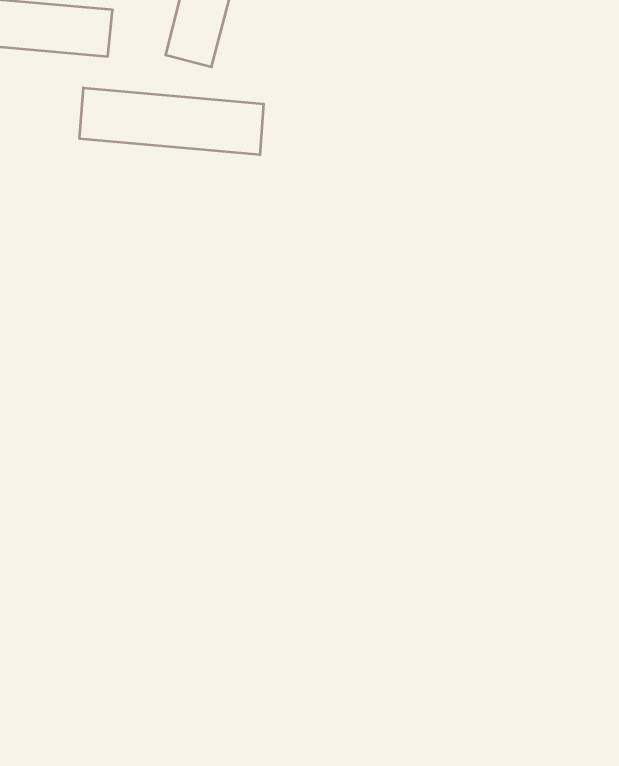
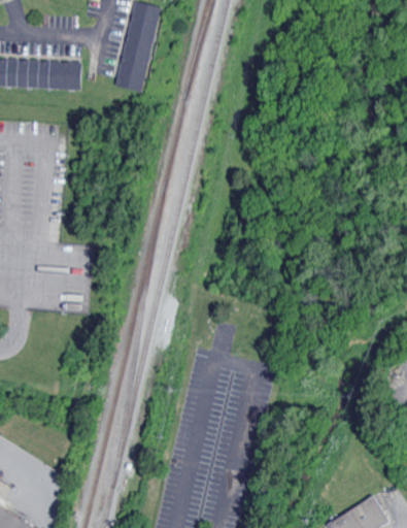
building: [80,88,264,155] -> none

